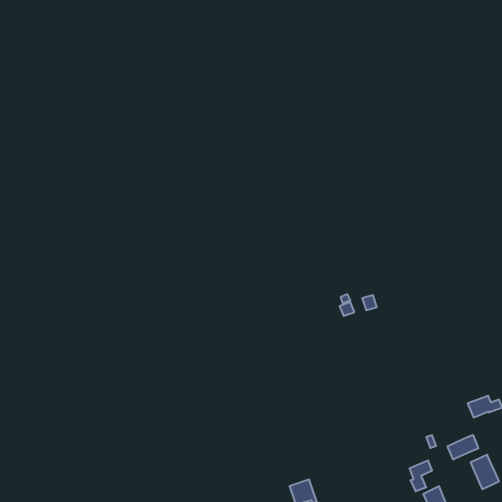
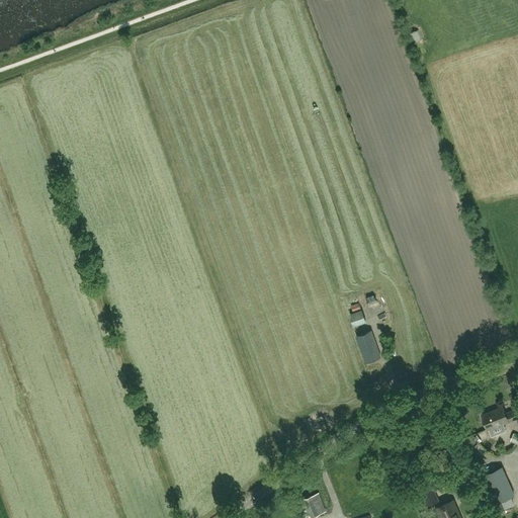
building: none -> [355,332,379,363]
building: [448,435,478,460] -> none

